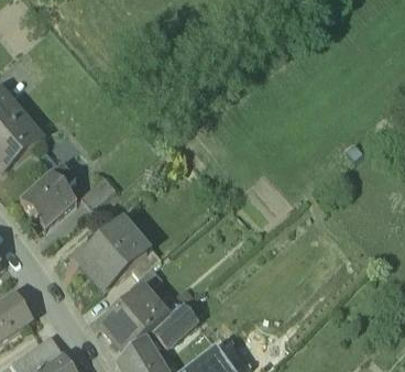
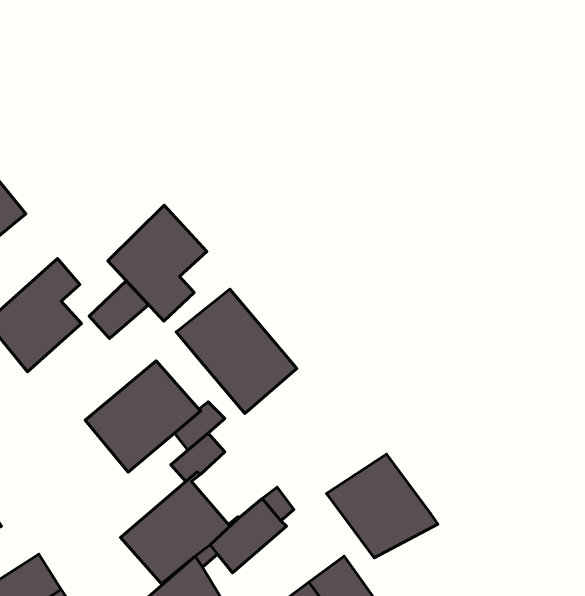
building: none -> [108,205,207,321]
building: none -> [176,289,297,414]
building: none -> [326,454,438,558]

